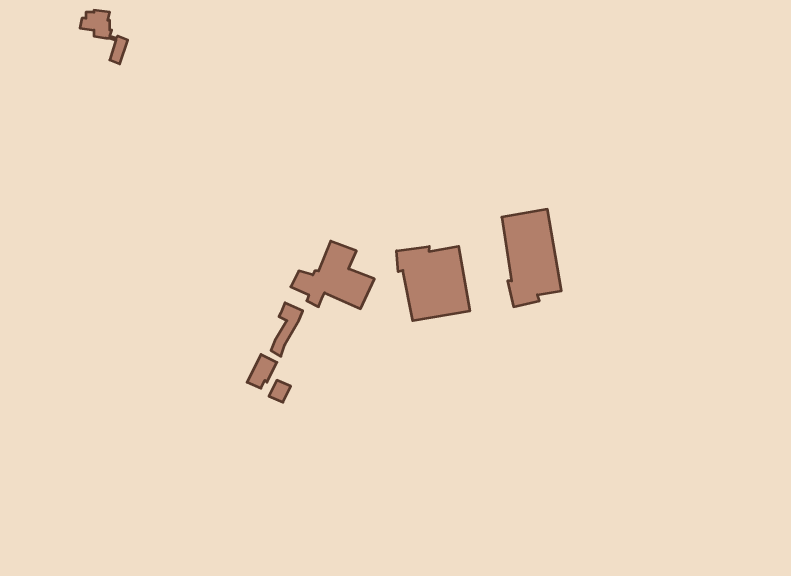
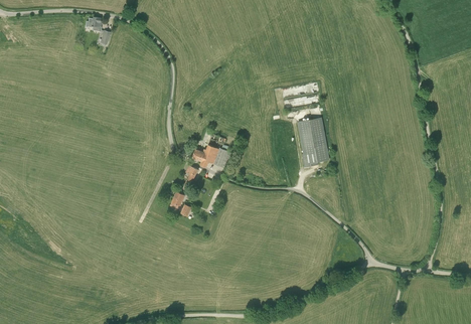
building: [397,246,470,321] -> none

